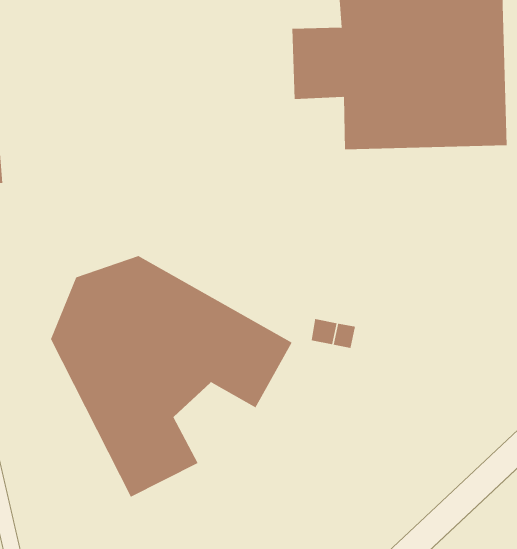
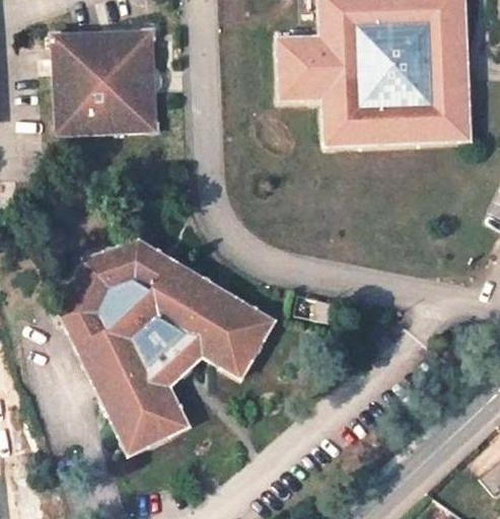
building: none -> [52,31,156,138]

